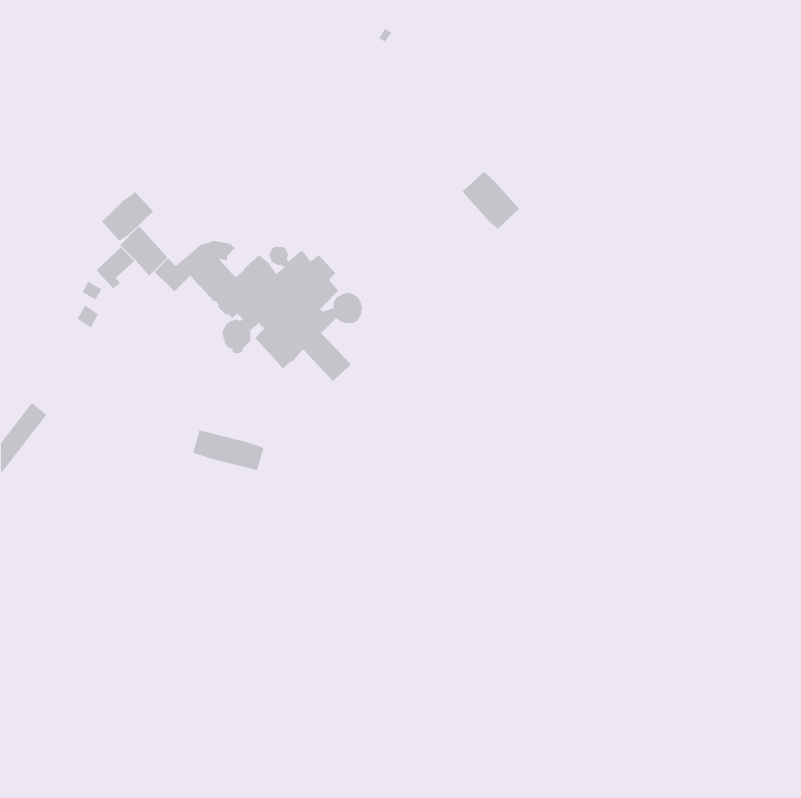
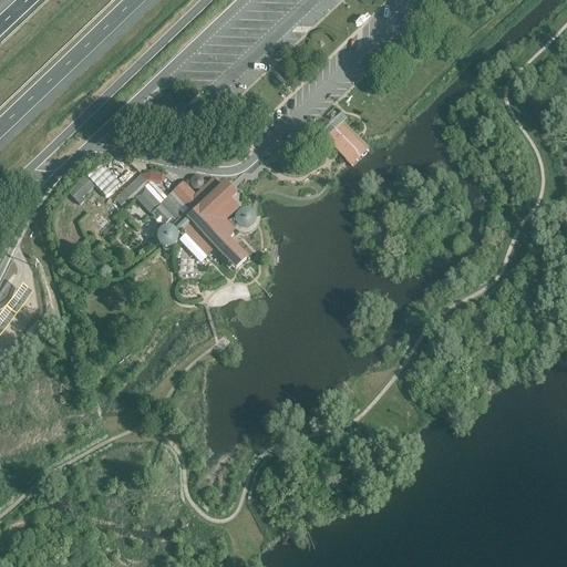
building: [101,191,154,242] -> none
building: [192,430,264,471] -> none

